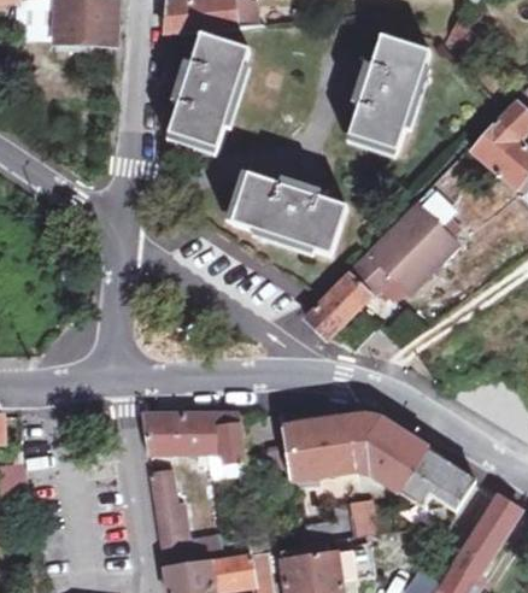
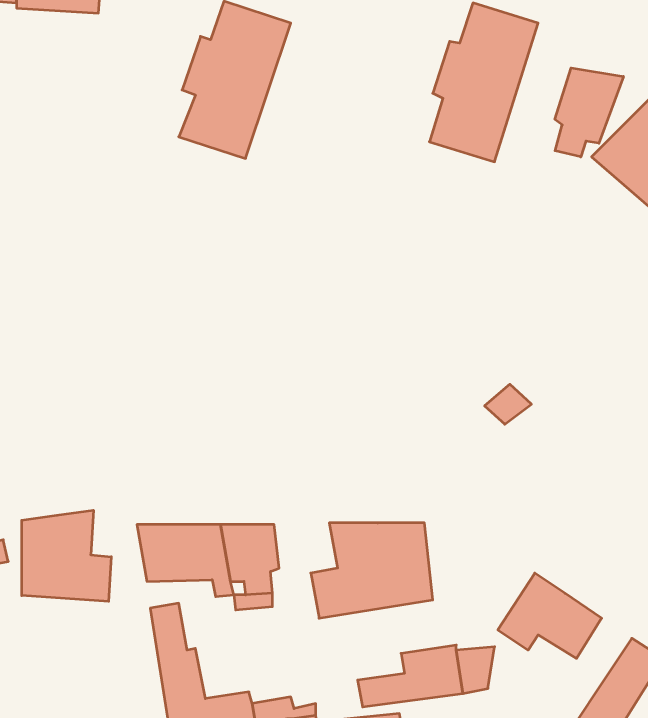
building: none -> [555,68,623,157]
building: [233,174,348,256] -> none
building: [305,200,464,337] -> none
building: none -> [22,510,111,601]
building: [348,416,427,489] -> none

